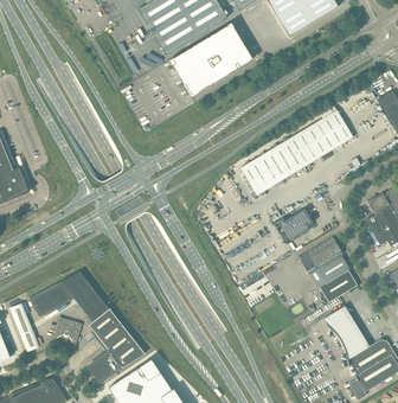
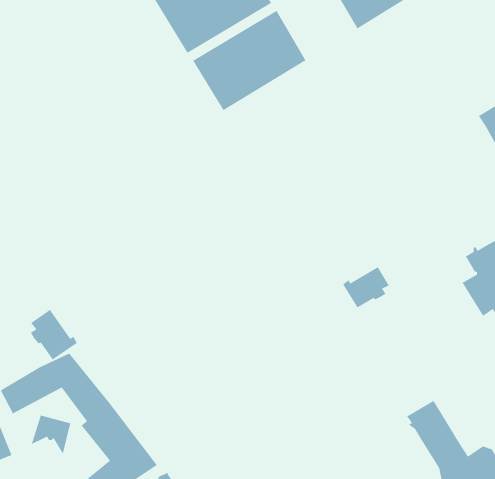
building: [240,110,353,194] -> none
building: [297,236,358,302] -> none
building: none -> [30,309,78,361]

